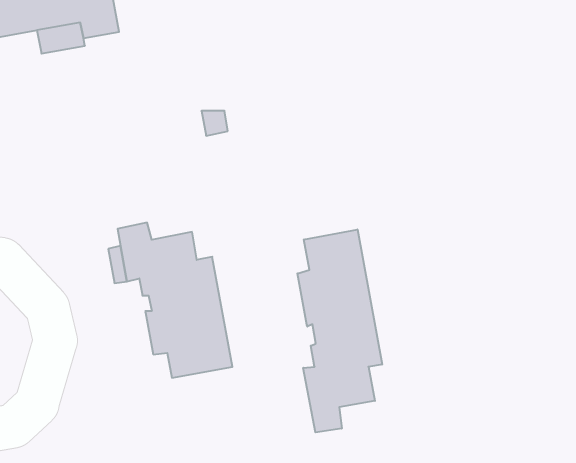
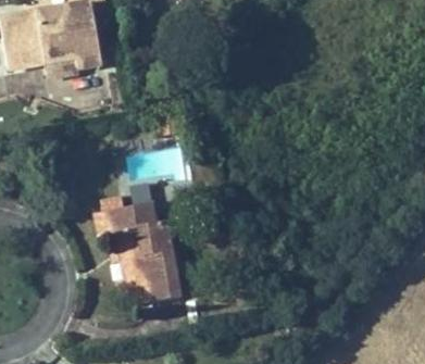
building: [297,229,382,432] -> none

